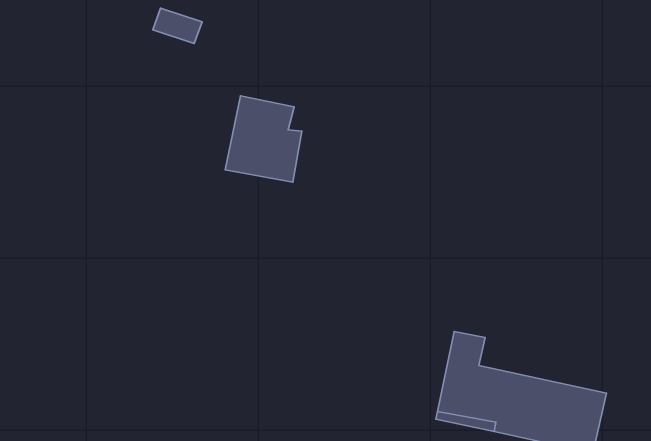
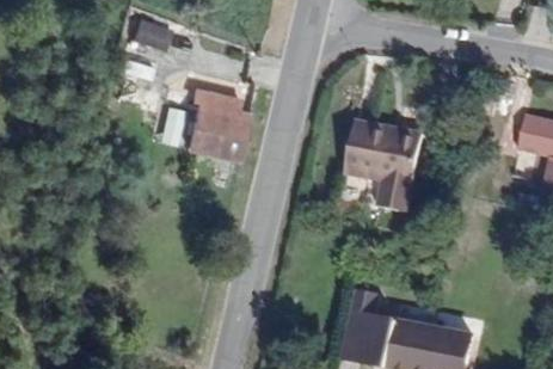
building: none -> [342,123,420,215]

